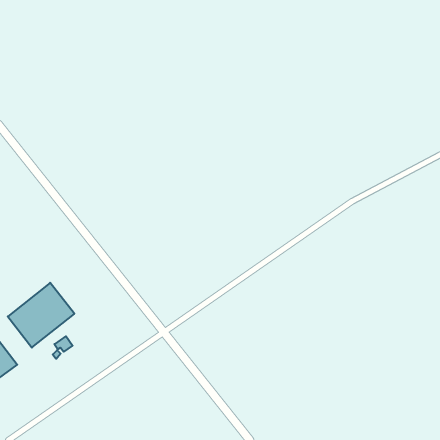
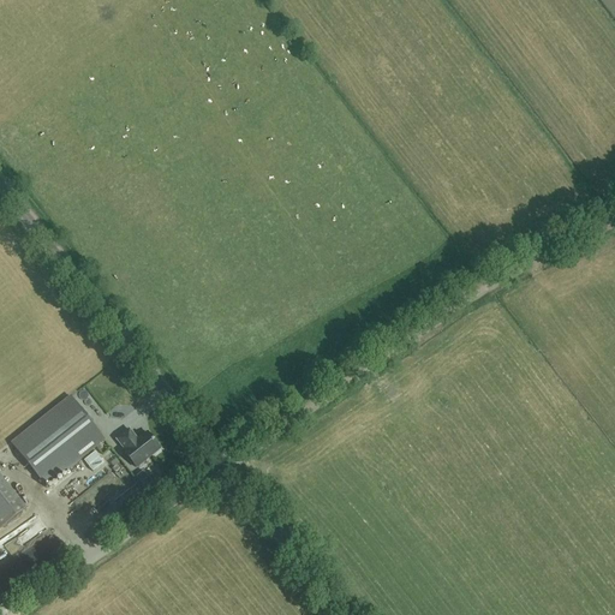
building: none -> [115,426,160,465]

